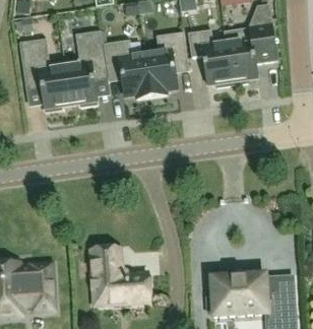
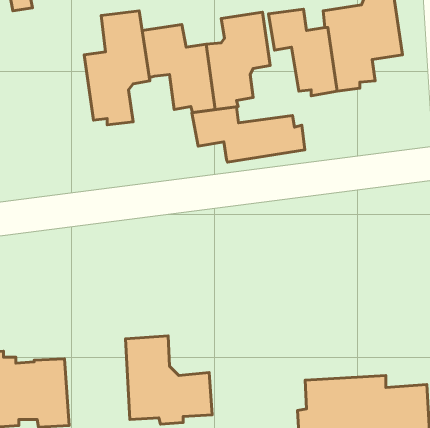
building: [19,39,70,112] -> none
building: none -> [192,107,305,162]

